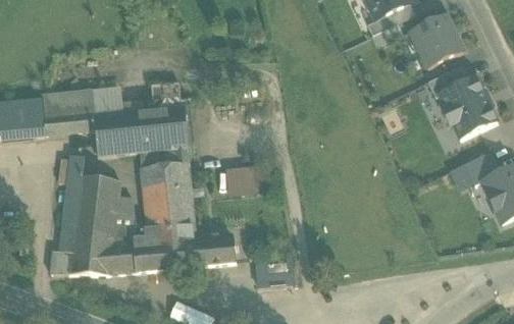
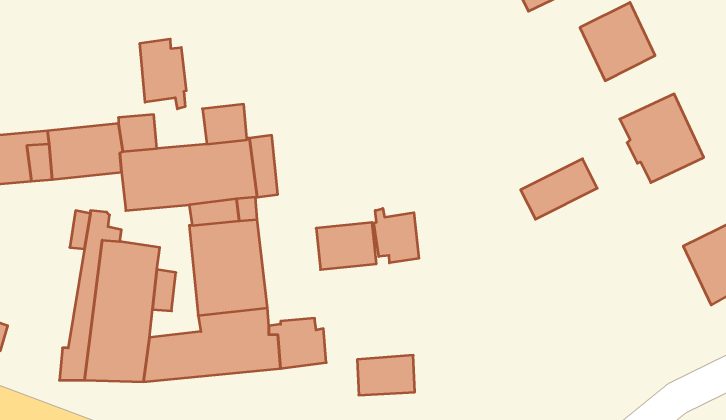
building: none -> [140,39,186,109]
building: [449,146,502,187] -> [521,159,597,219]
building: none -> [374,208,419,263]
building: [112,224,148,244] -> none

